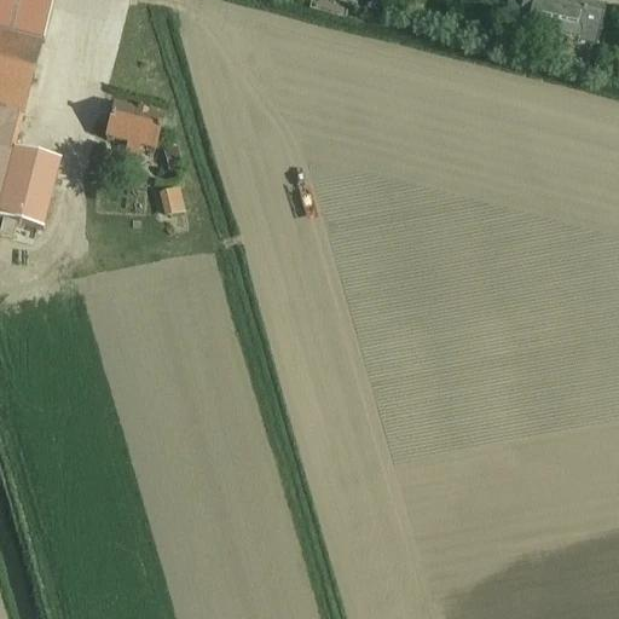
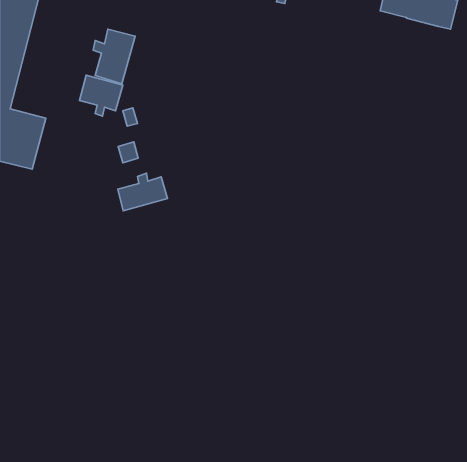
building: none -> [93,29,135,84]
building: none -> [118,173,167,211]

